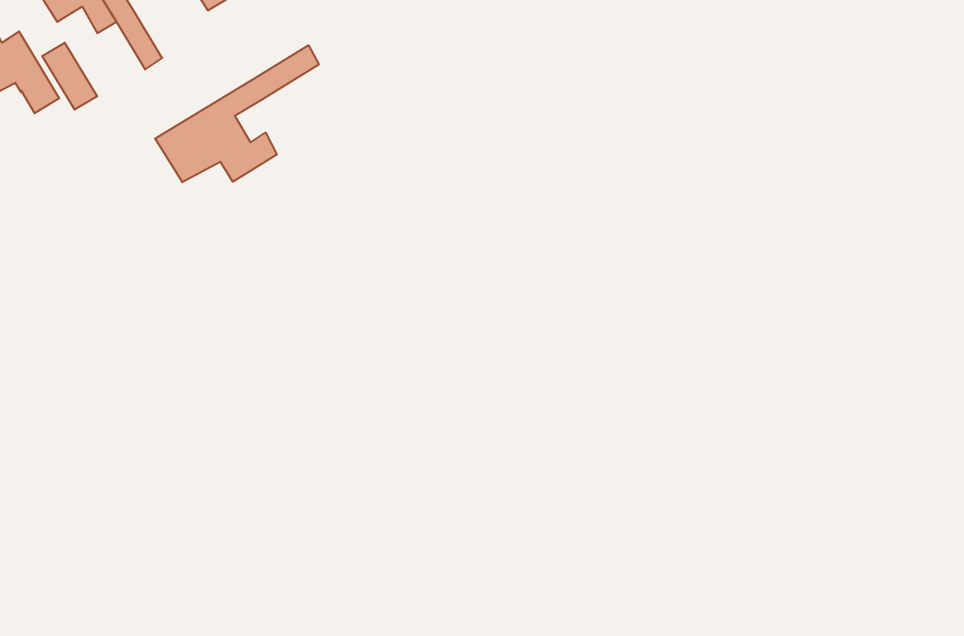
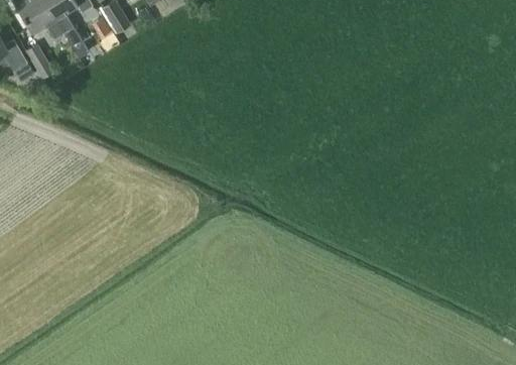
building: [155,45,319,182] -> none

